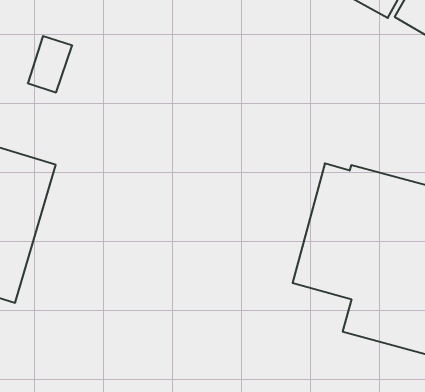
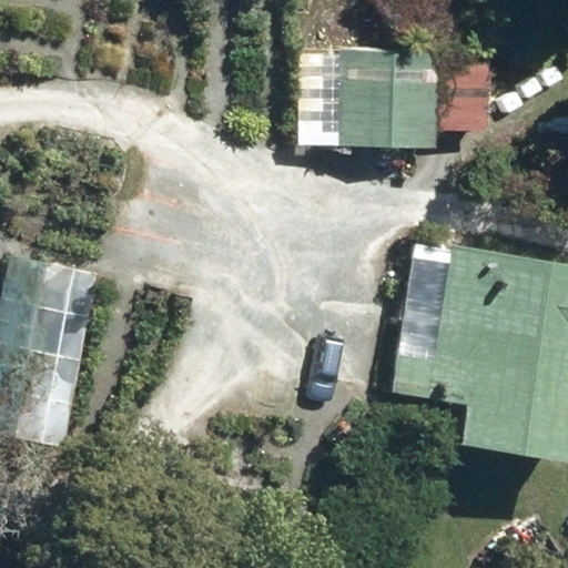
building: none -> [334,53,483,151]

